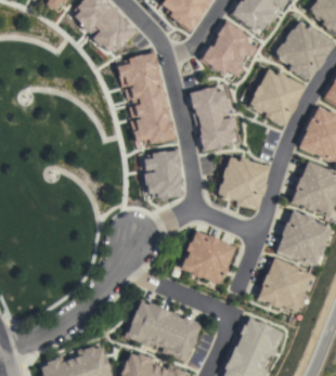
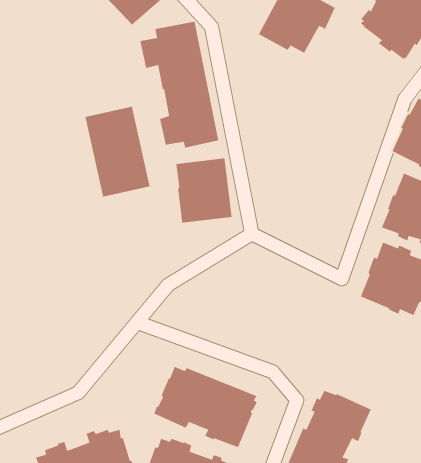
building: [248,69,305,125] -> none
building: [190,85,237,151] -> [85,106,151,197]
building: [218,157,270,208] -> none
building: [181,231,236,284] -> none
building: [258,258,310,313] -> none

